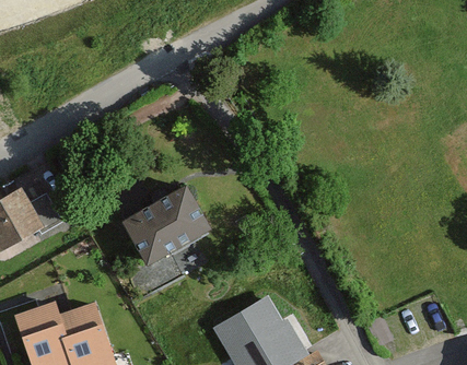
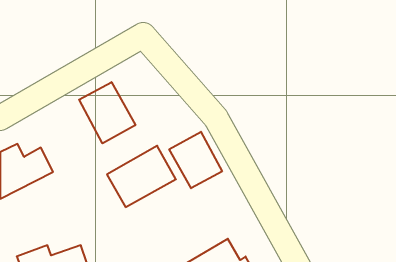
building: none -> [79,82,135,143]
building: none -> [169,132,222,188]

